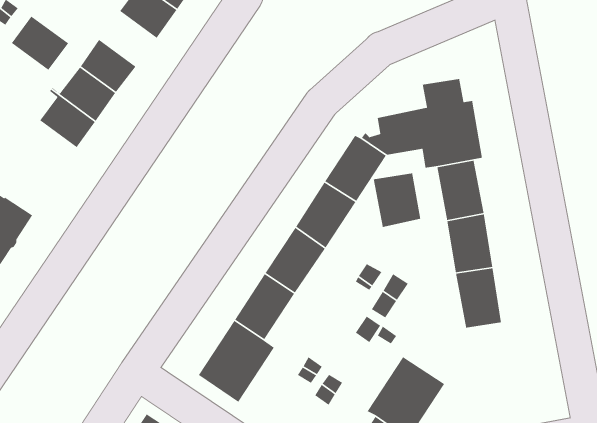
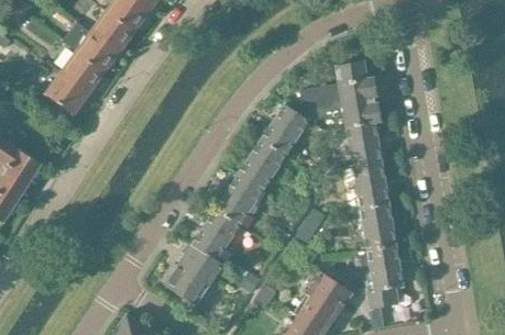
building: [11,15,69,71] -> [90,11,134,53]
building: [373,173,421,228] -> none
building: none -> [366,246,403,309]

